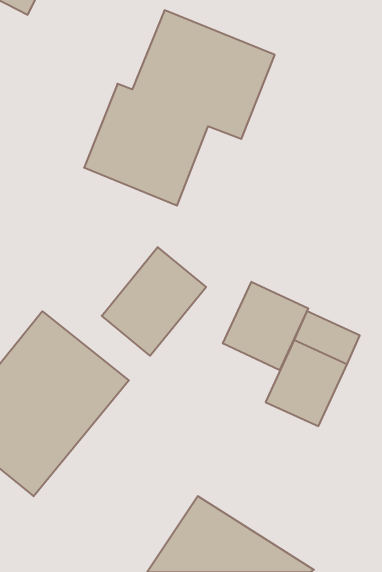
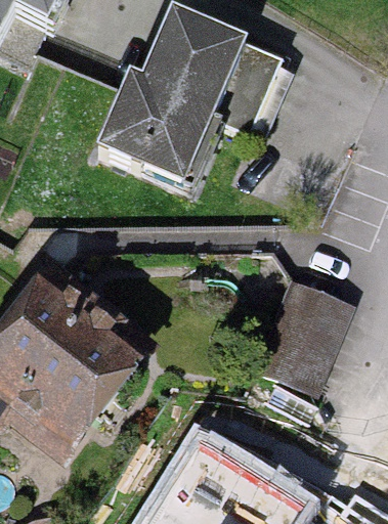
building: [102,247,206,356] -> none
building: [223,282,308,370] -> none

